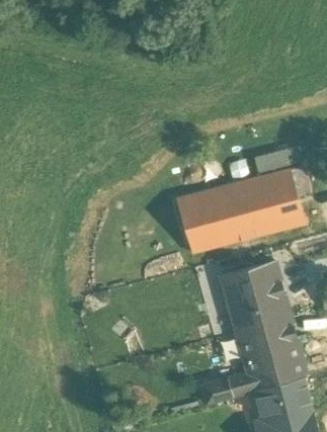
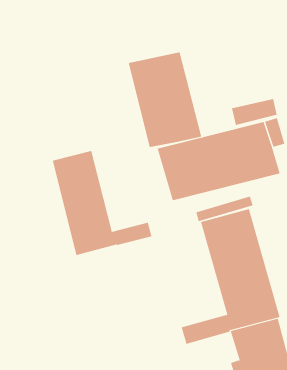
building: none -> [128,51,202,148]
building: none -> [52,150,152,256]

